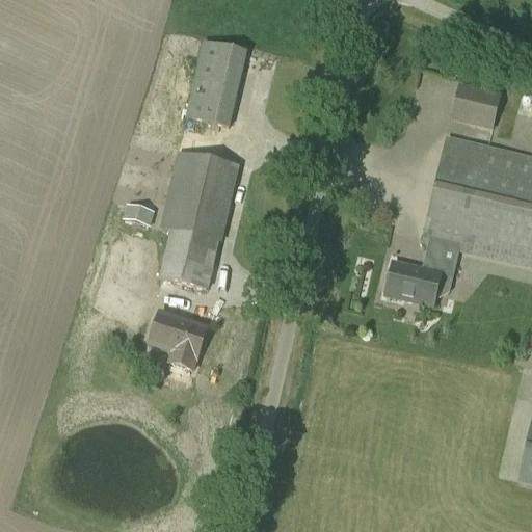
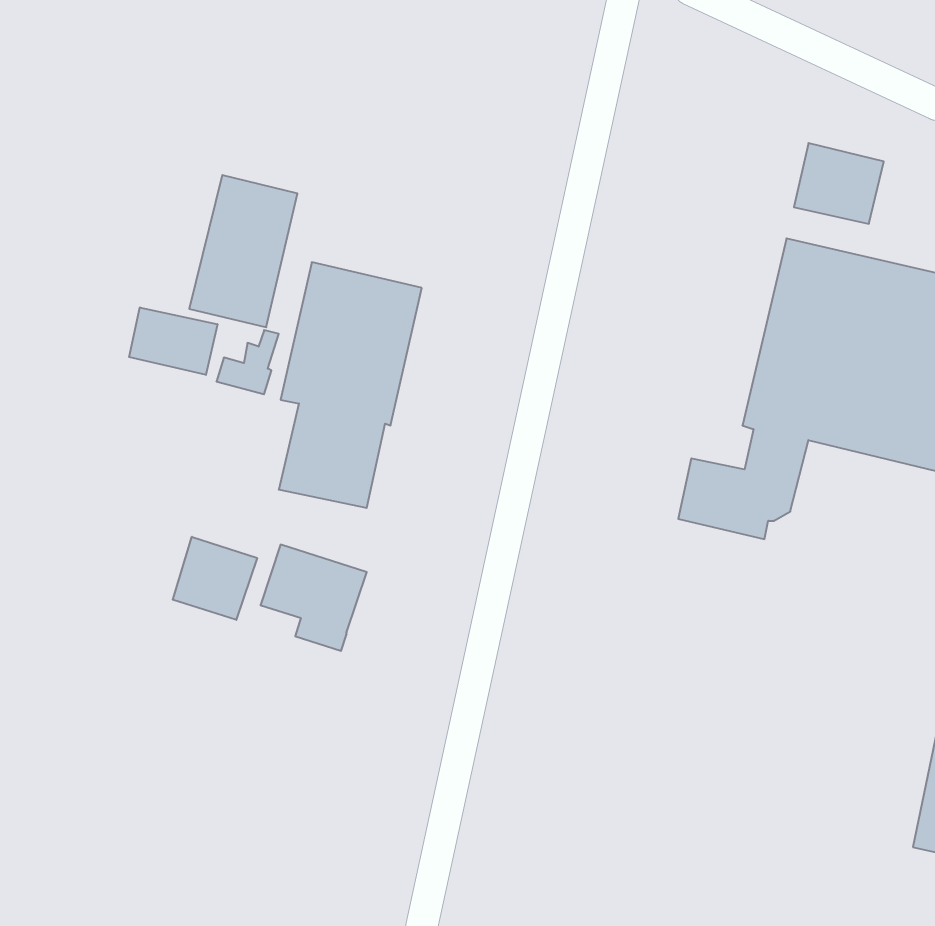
building: [186,38,247,125] -> [189,175,297,327]
building: none -> [129,307,217,375]
building: none -> [173,537,257,620]

